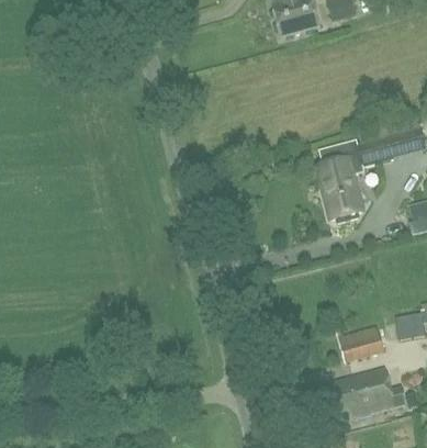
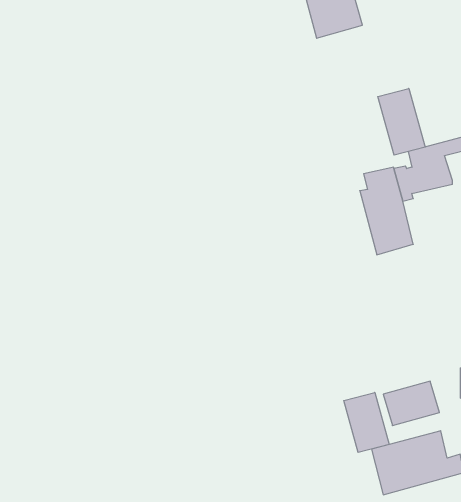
building: none -> [378,88,425,155]
building: none -> [344,392,389,452]

